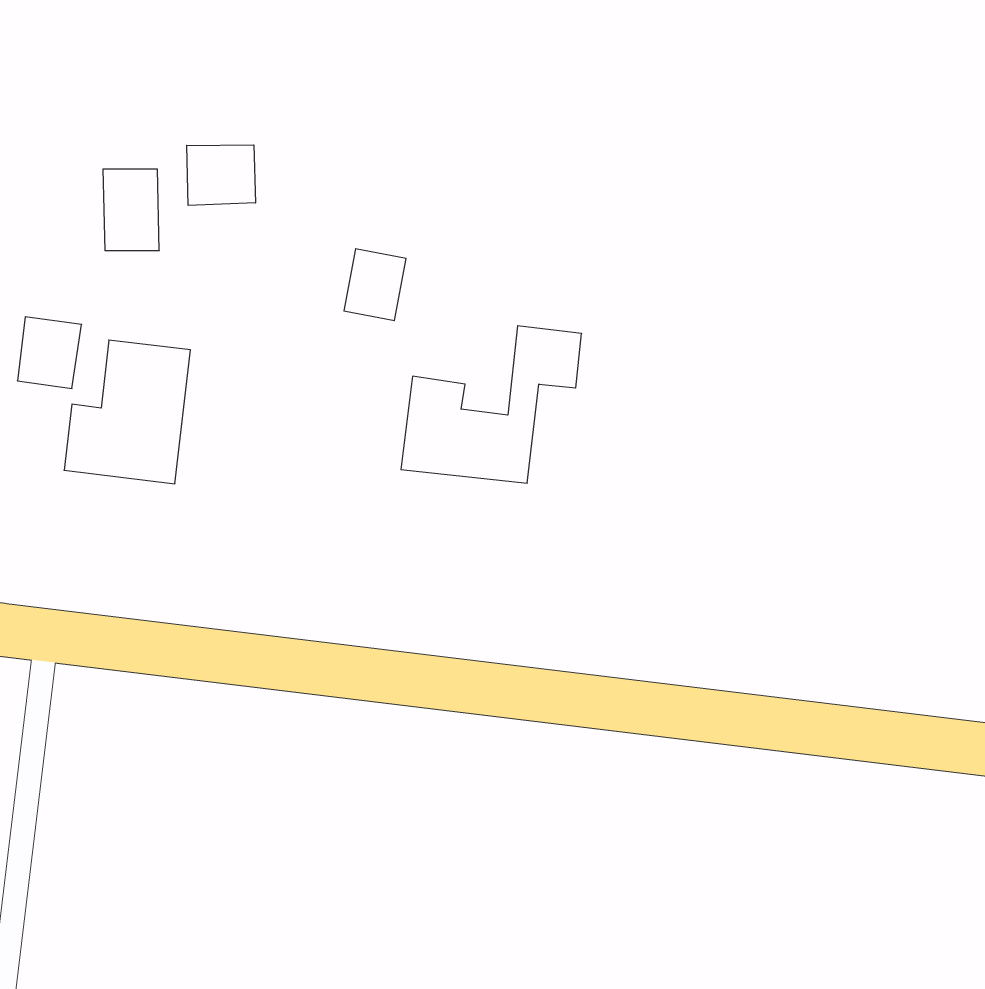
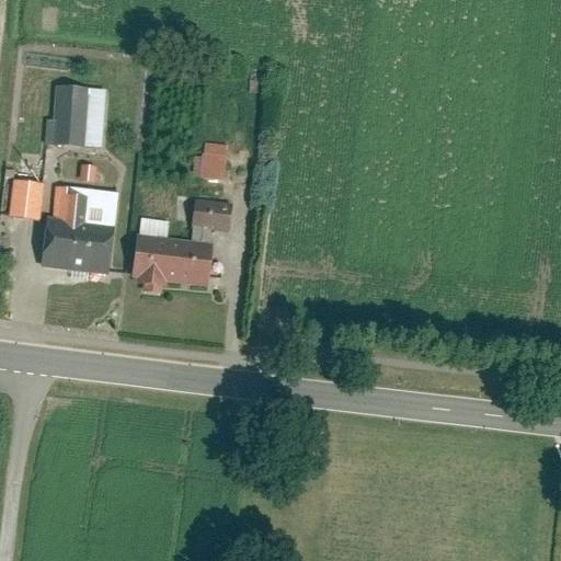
building: [187,145,255,205] -> none
building: [401,326,582,483] -> [128,197,230,286]

